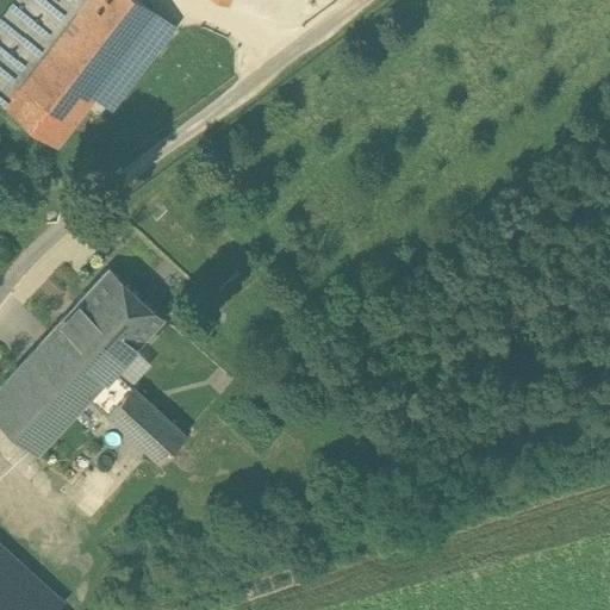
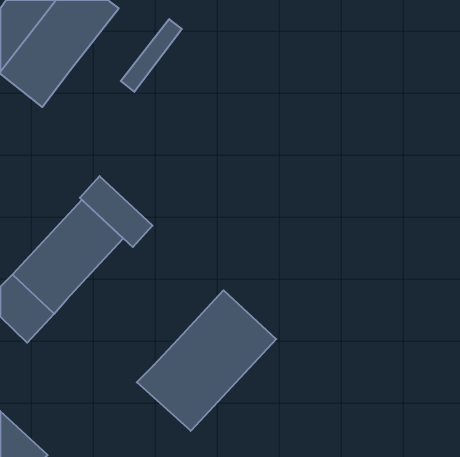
building: [93,14,174,111] -> [121,19,182,92]
building: [88,372,185,466] -> [80,176,153,247]
building: none -> [137,290,276,431]

